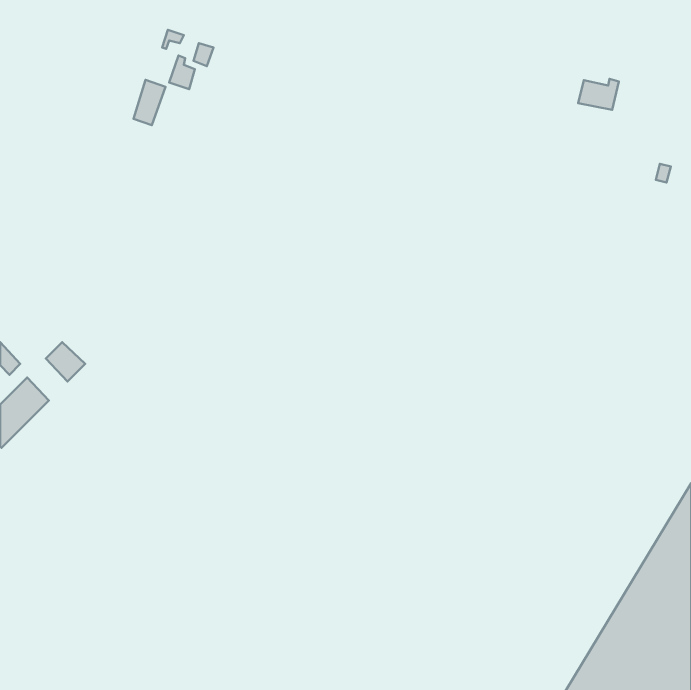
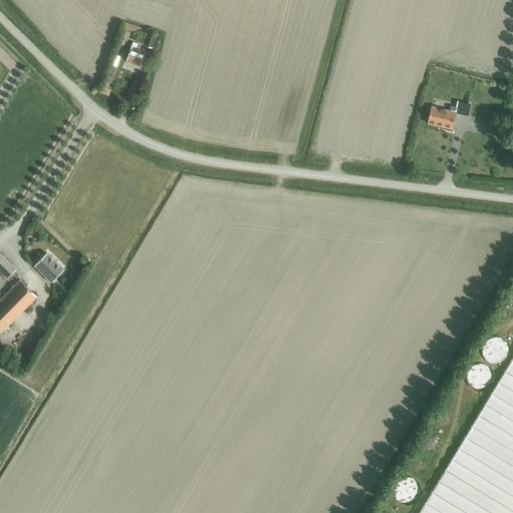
building: [578,79,619,110] -> [427,106,457,129]
building: [133,80,166,125] -> none

